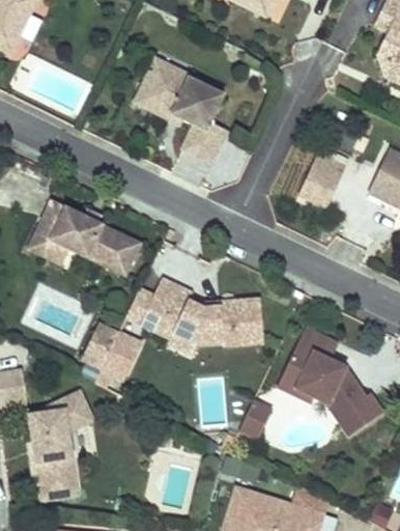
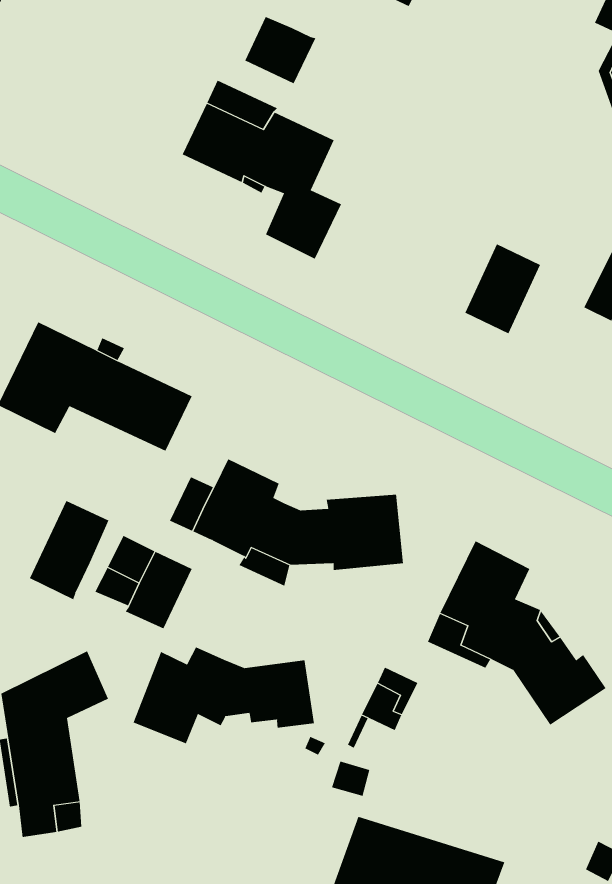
building: none -> [244,16,316,84]
building: none -> [29,500,109,600]
building: none -> [133,646,314,744]

